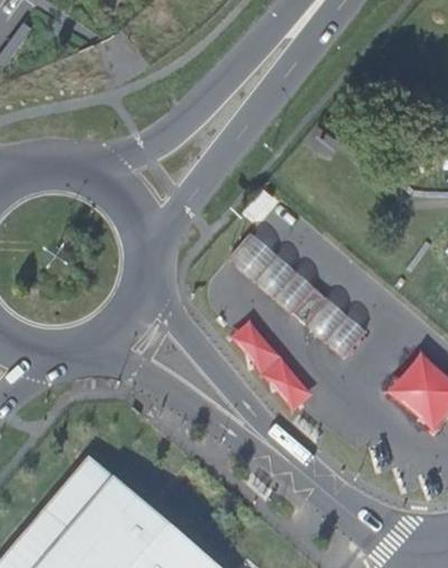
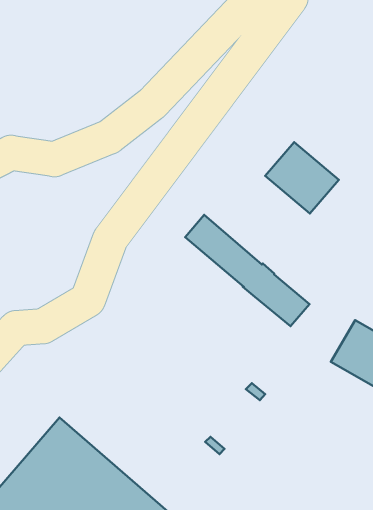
building: none -> [265,142,339,214]
building: [235,316,313,412] -> none

